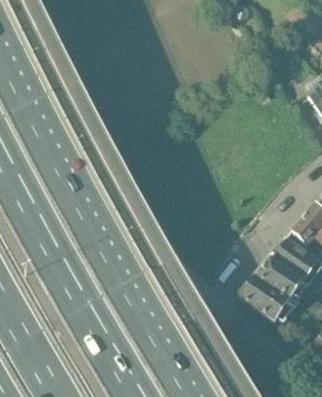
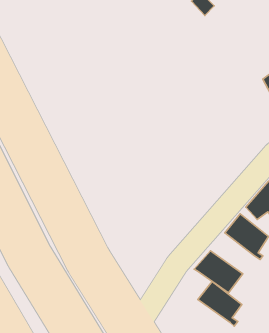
building: [254,257,301,305] -> [198,281,242,326]

